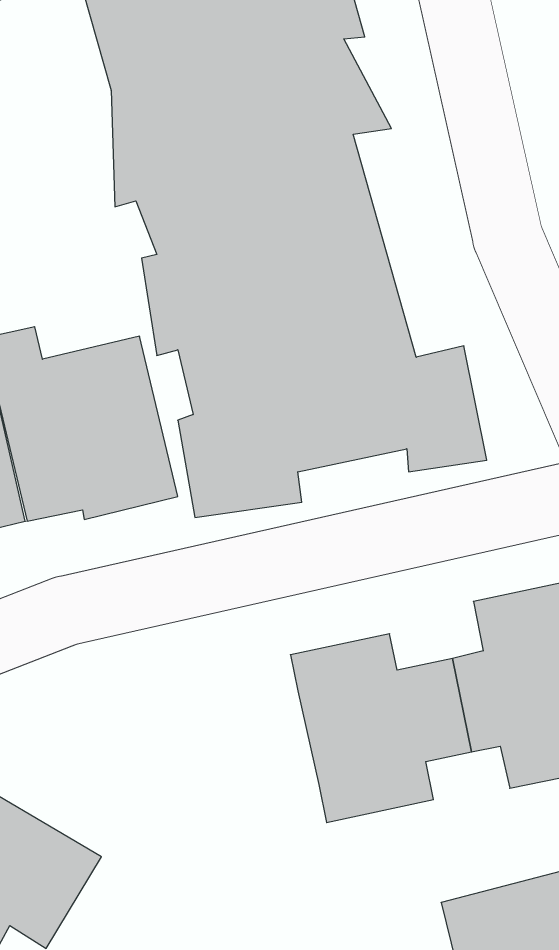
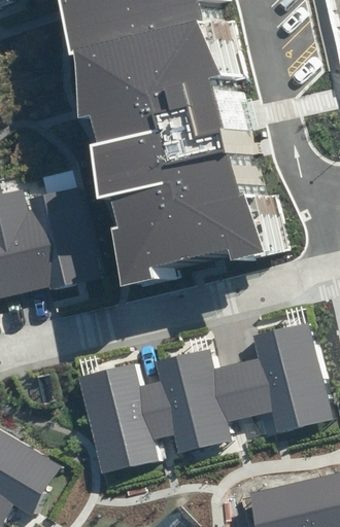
building: none -> [87,365,180,466]

